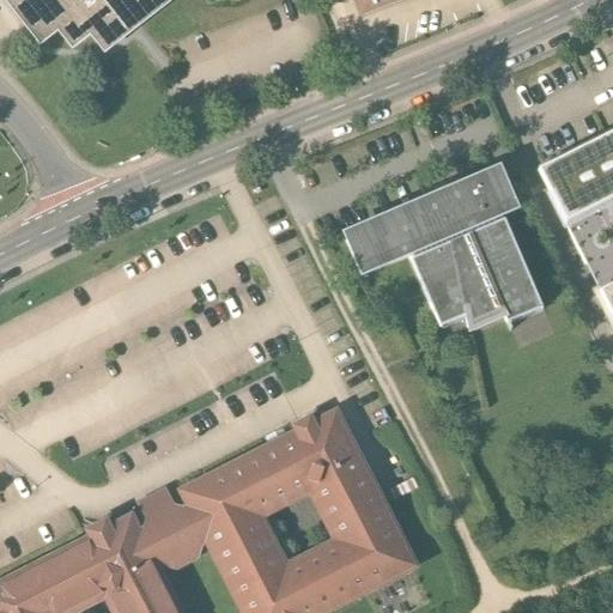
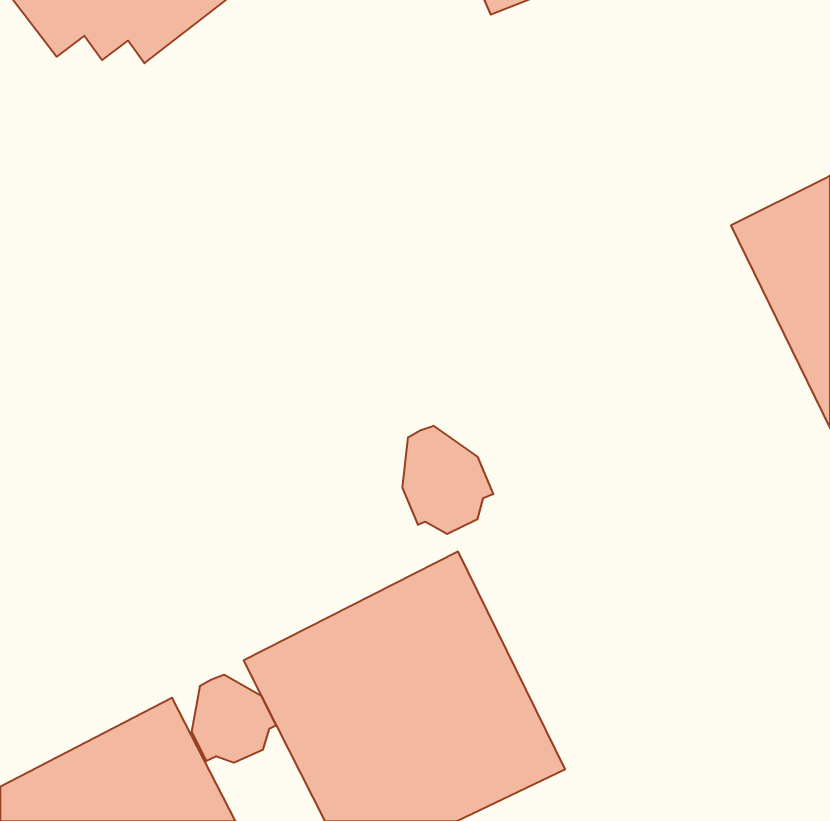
building: [345,170,545,327] -> none
building: none -> [402,426,493,534]

